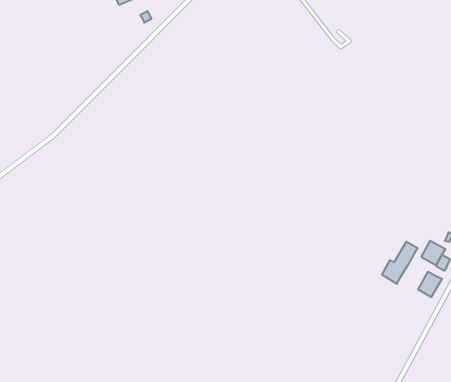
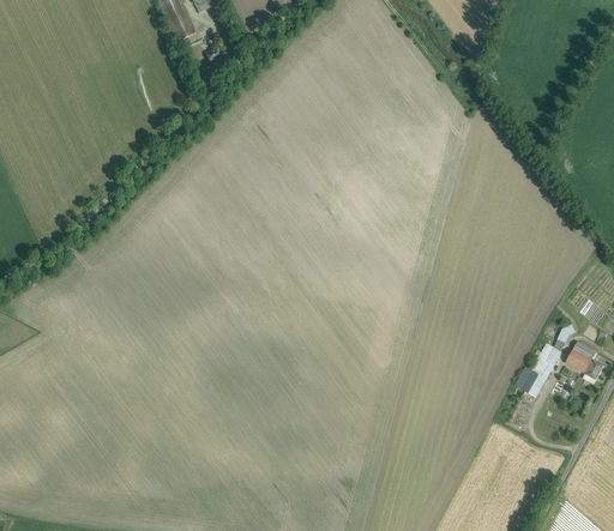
building: [418,272,442,297] -> none

